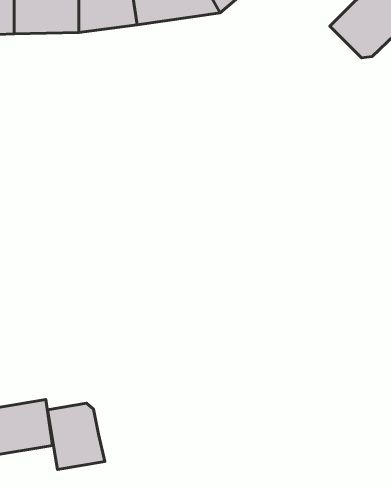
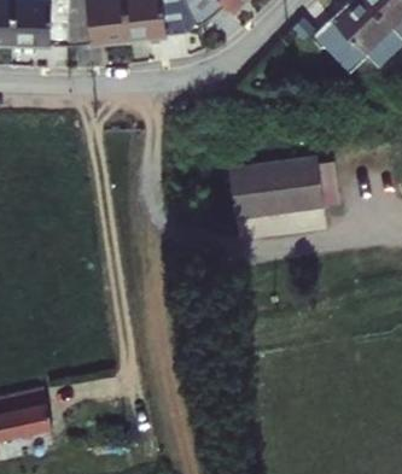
building: none -> [226,160,317,220]
building: [47,403,105,470] -> none

